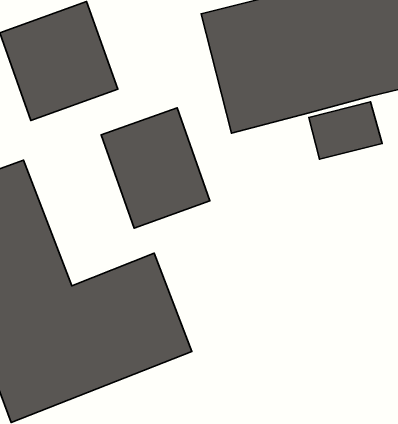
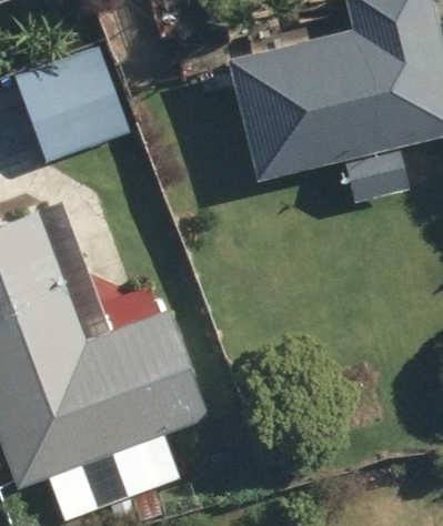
building: [101,108,210,228] -> none

